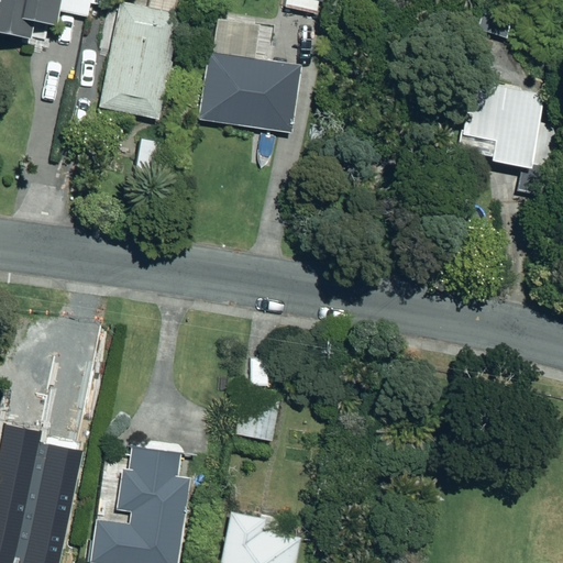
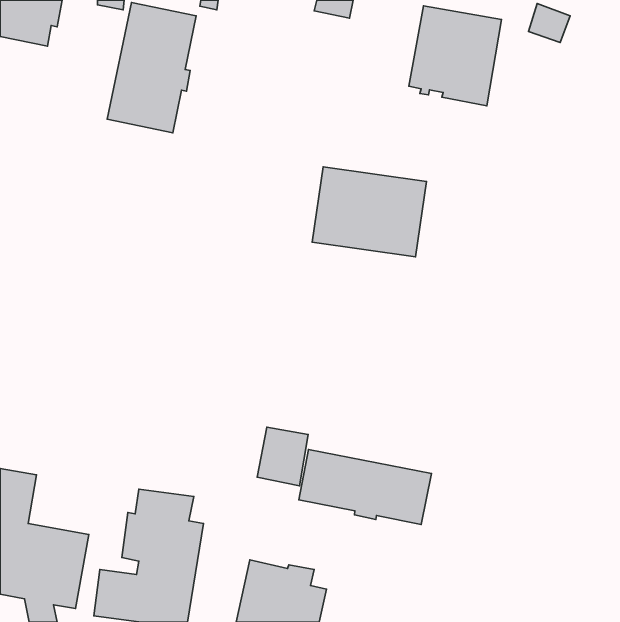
building: [198,52,301,133] -> [312,167,427,257]
building: [460,81,543,172] -> [409,6,501,106]
building: none -> [299,449,431,525]

